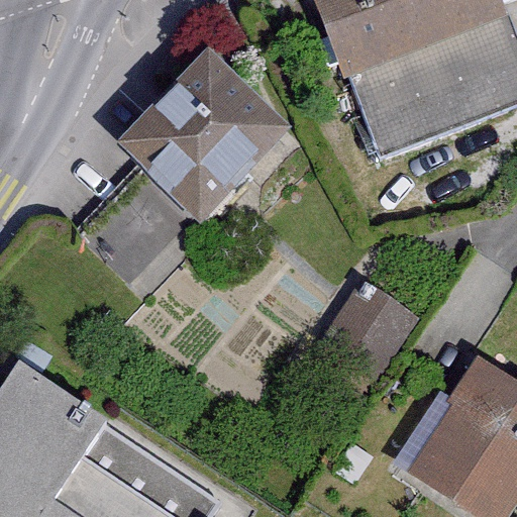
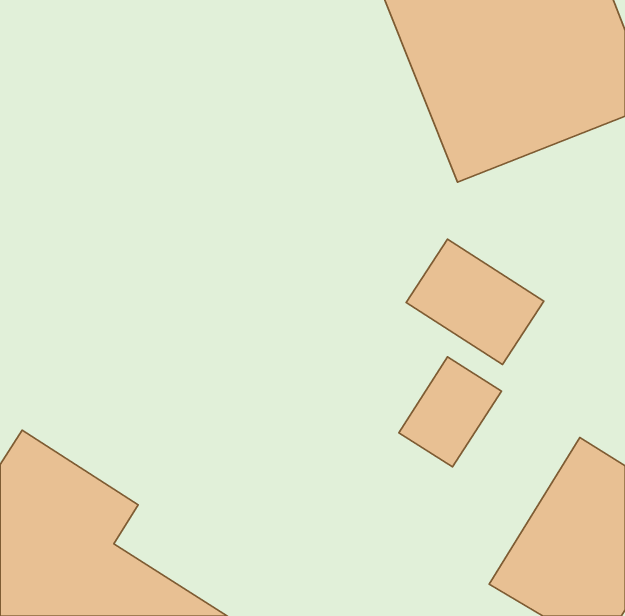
building: [137,69,289,219] -> none
building: none -> [406,239,544,364]

